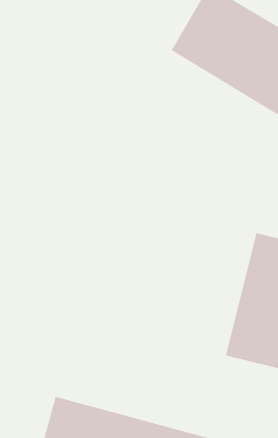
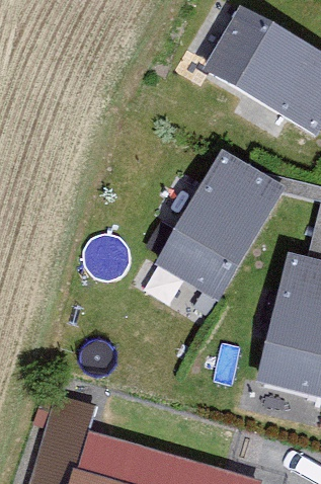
building: none -> [153,147,286,303]

